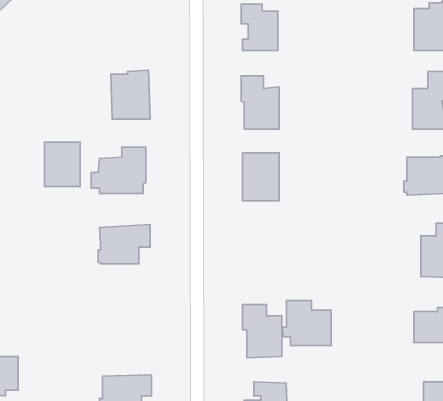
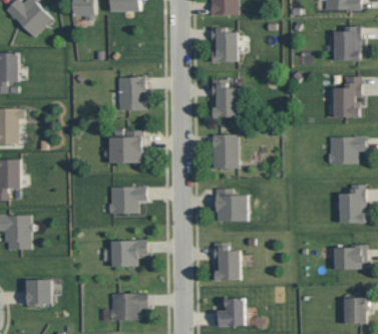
building: [45,142,80,187] -> none
building: [282,300,331,345] -> [212,189,247,221]
building: none -> [110,241,146,267]

